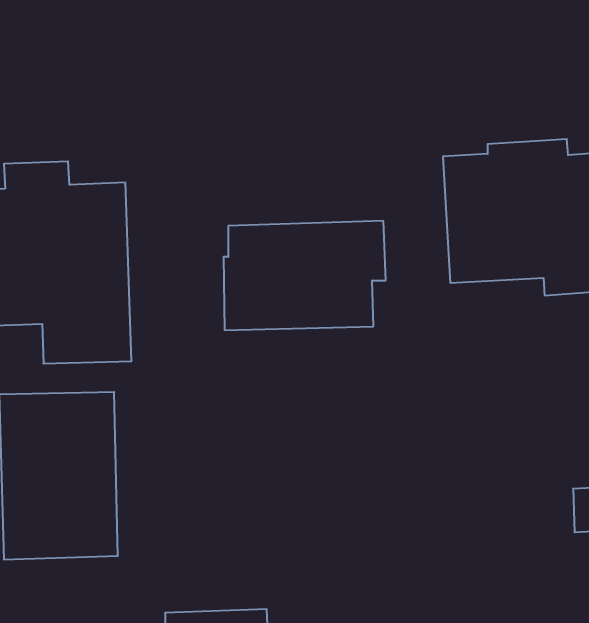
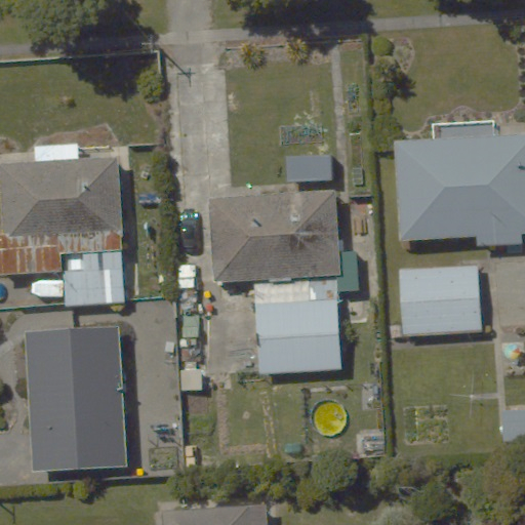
building: none -> [397,266,481,336]
building: none -> [254,286,339,376]

